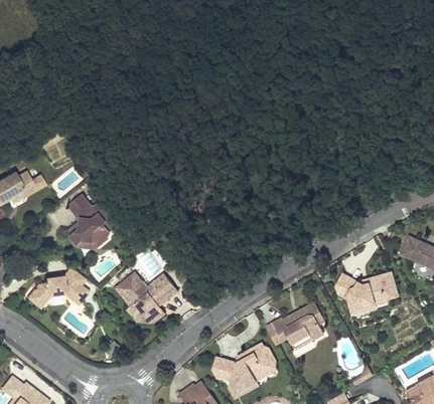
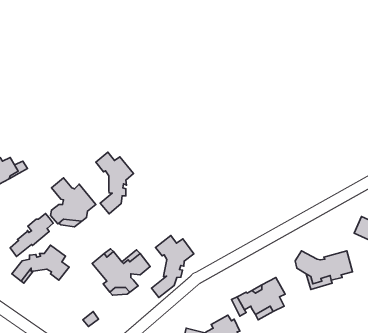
building: none -> [96,152,134,214]
building: none -> [10,213,53,256]
building: none -> [151,236,194,297]

